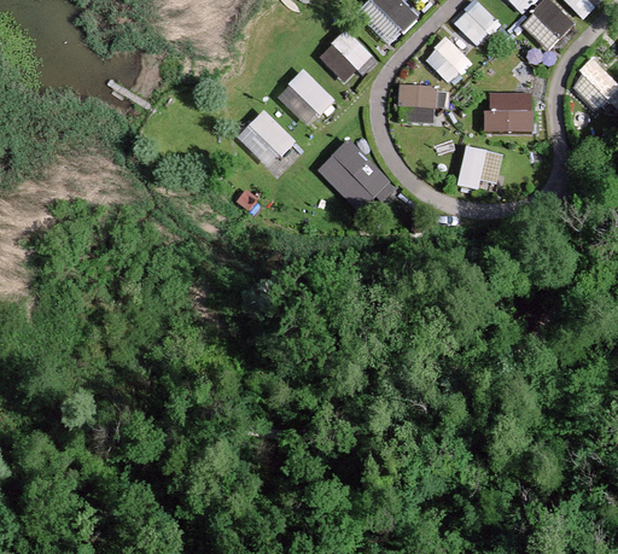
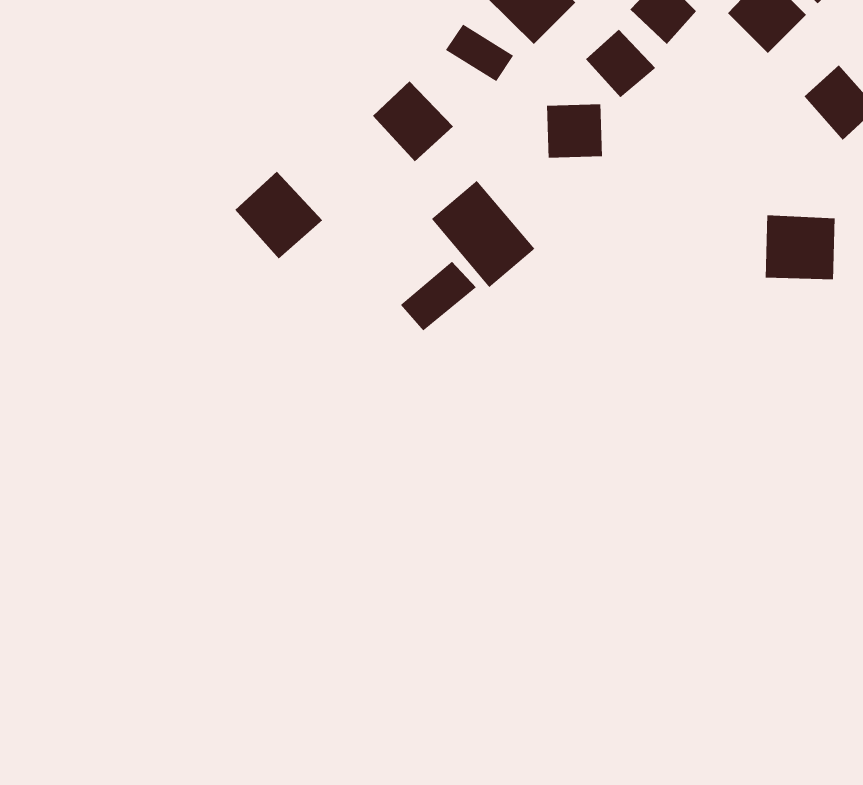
building: [488,89,536,134] -> [765,214,836,280]
building: [237,107,297,168] -> [234,171,323,260]
building: [459,145,501,186] -> none
building: none -> [400,261,477,331]

